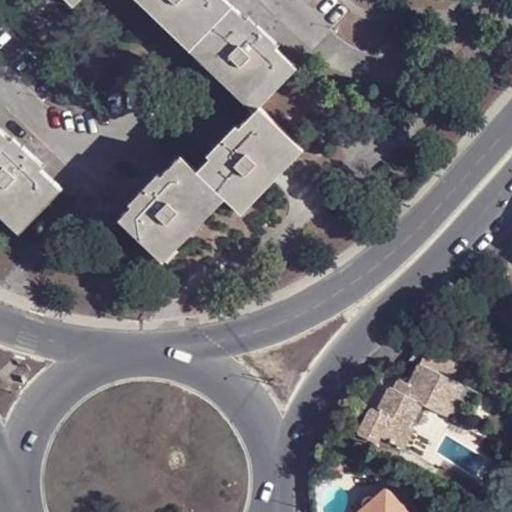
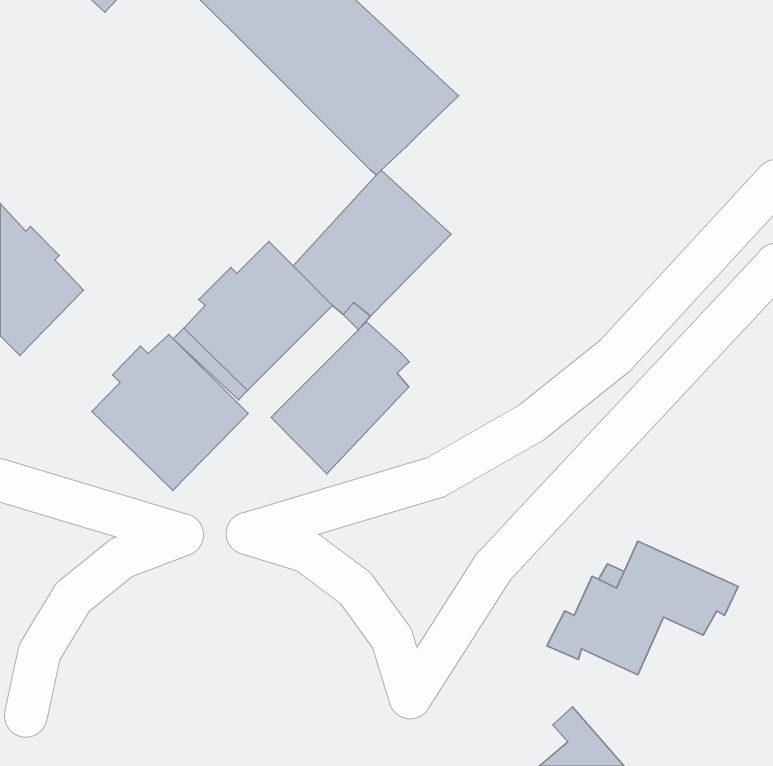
building: none -> [271,322,409,474]
building: none -> [92,335,248,491]

